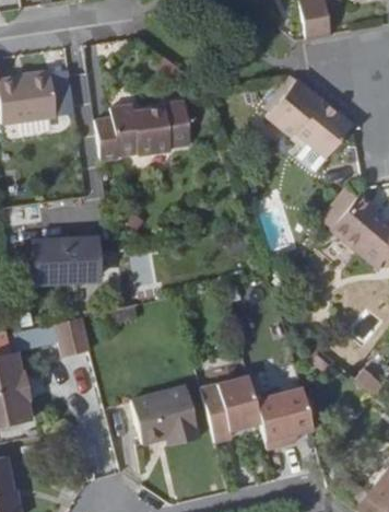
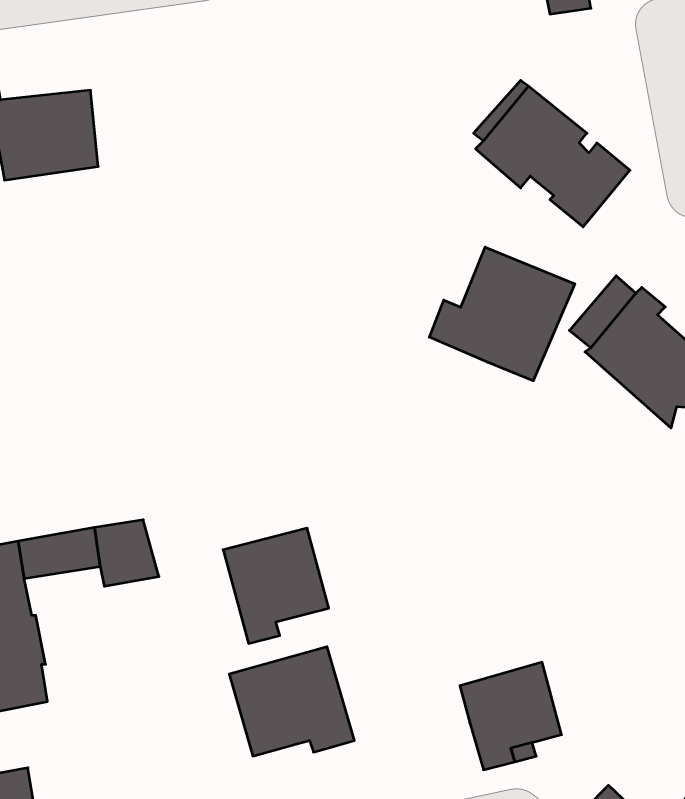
building: [95,101,191,163] -> none
building: none -> [429,247,575,381]
building: [34,244,98,287] -> none
building: [205,385,264,450] -> [223,528,329,643]

